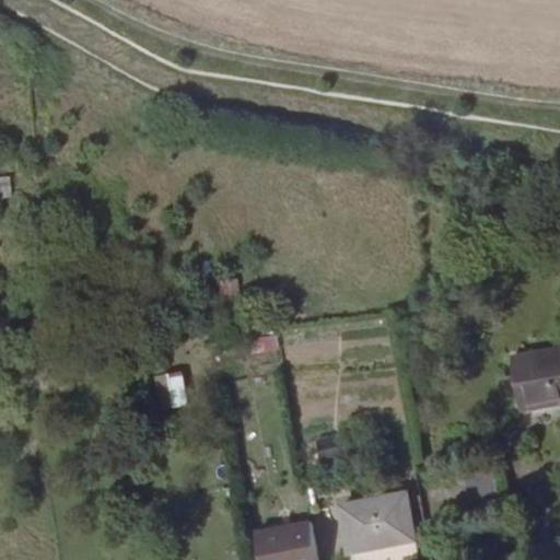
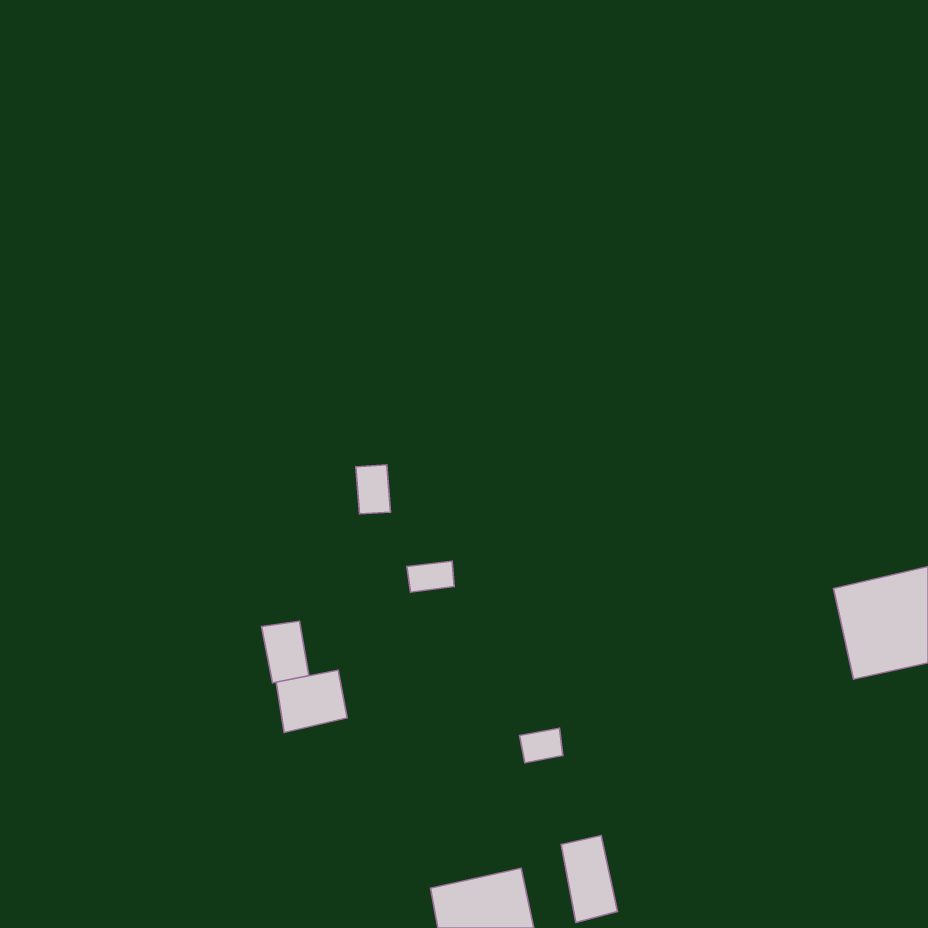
building: none -> [276,670,347,732]
building: [362,494,412,549] -> none

